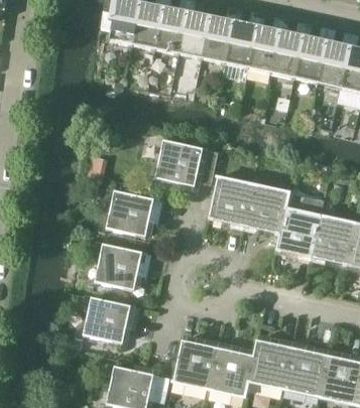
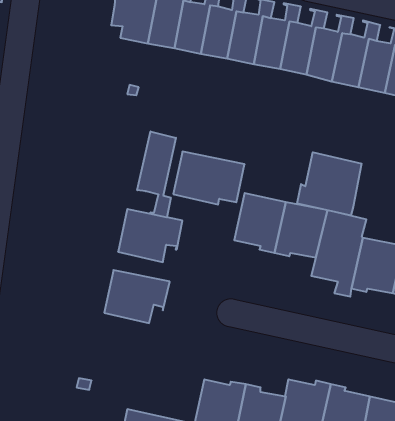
building: none -> [137,131,176,217]
building: none -> [297,152,362,216]
building: [83,296,139,344] -> none

